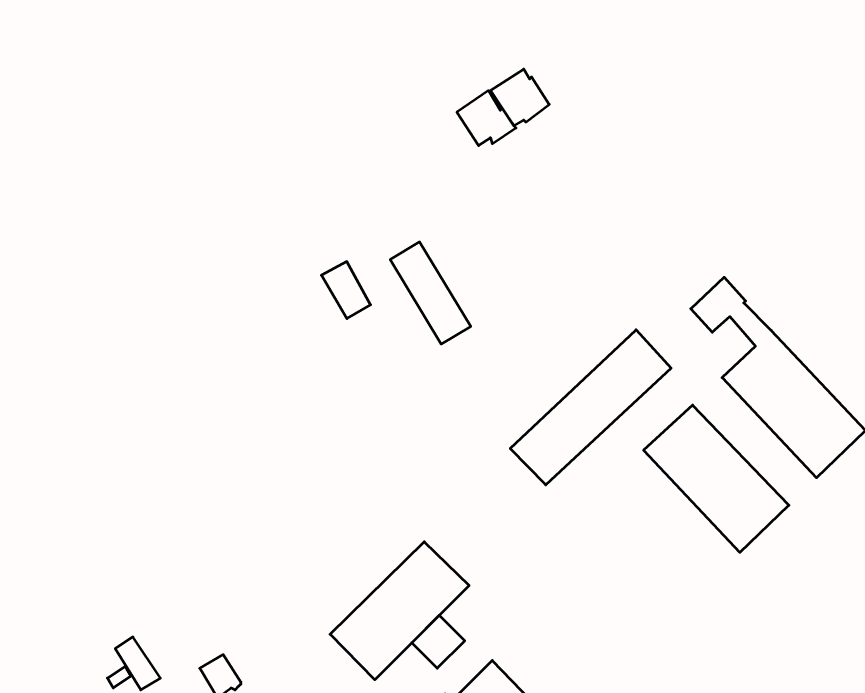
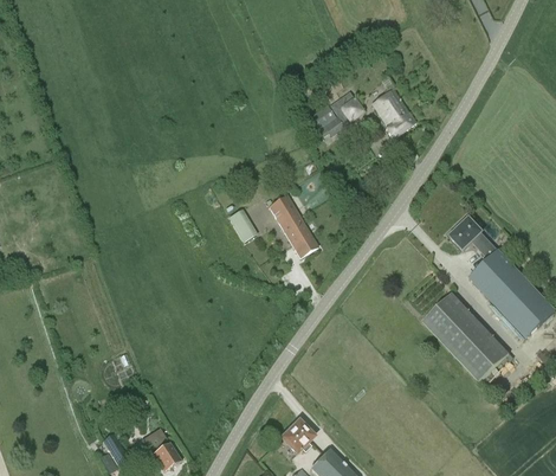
building: none -> [370,75,416,139]
building: [510,330,671,485] -> none
building: [330,542,469,680] -> none

